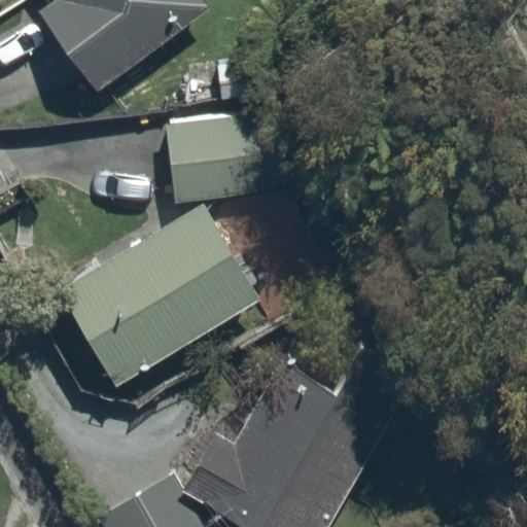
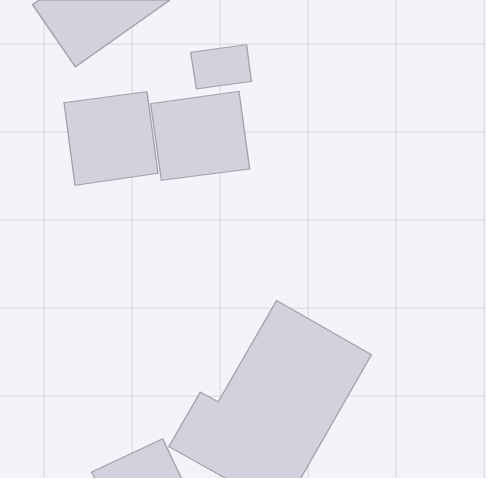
building: none -> [64,92,158,185]
building: [52,205,261,390] -> none

